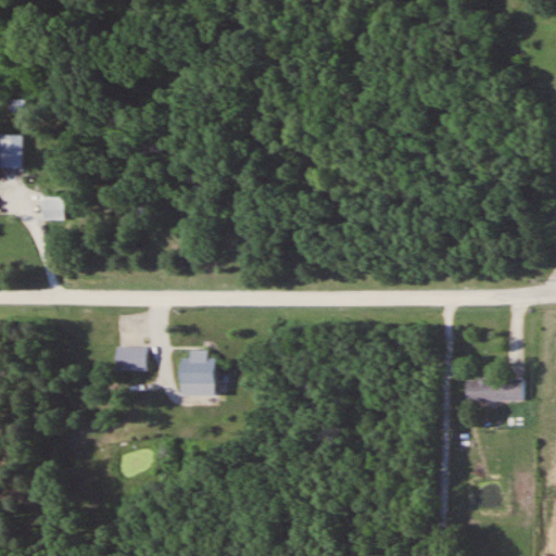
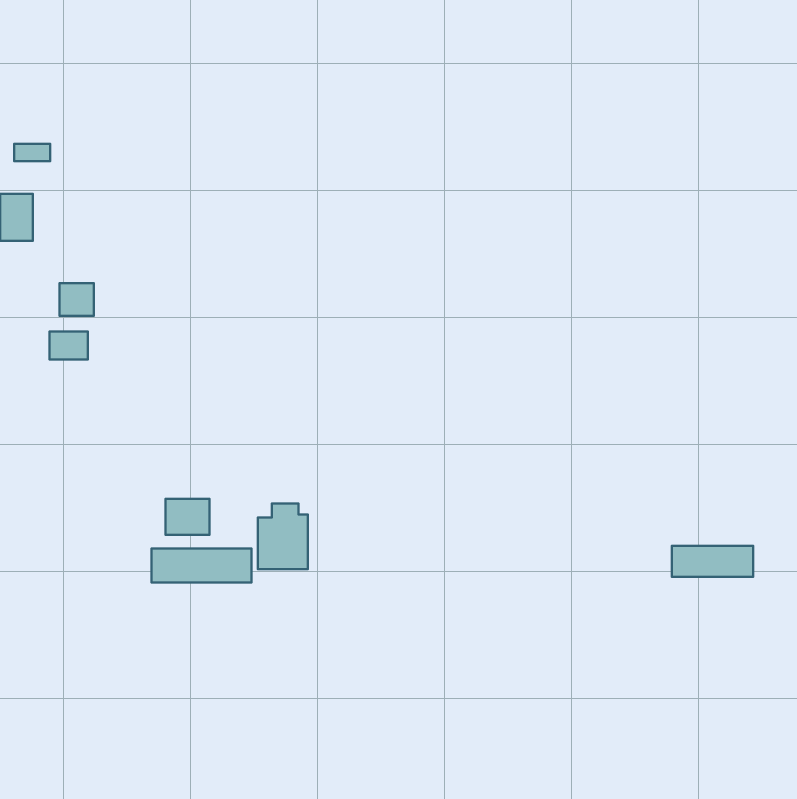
building: none -> [49,331,88,359]
building: none -> [151,548,251,582]

